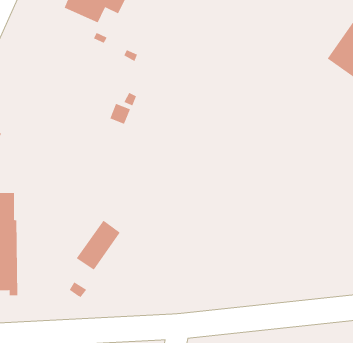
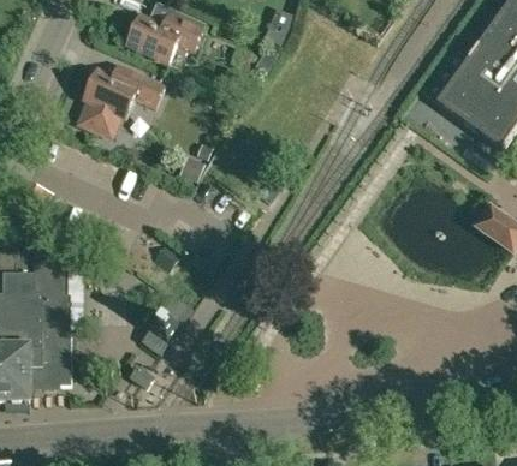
building: none -> [78,66,164,135]

